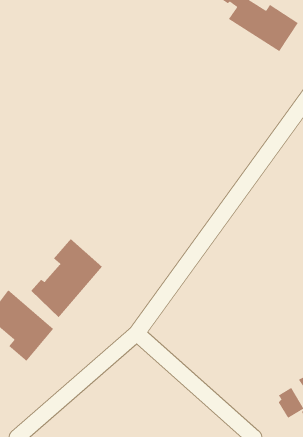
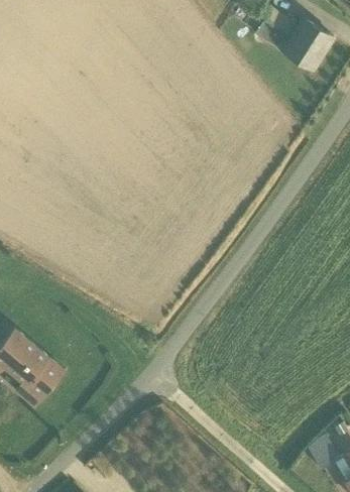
building: [31,238,103,318] -> none

